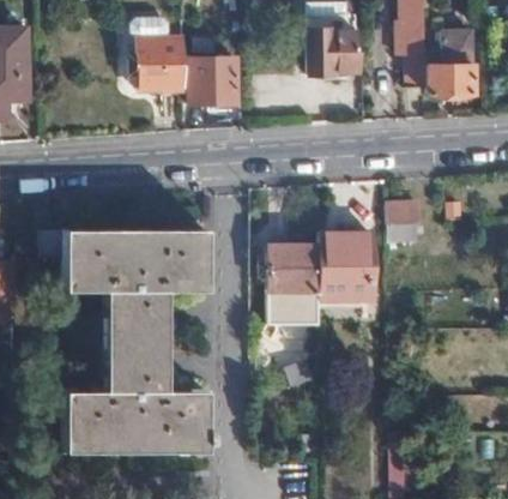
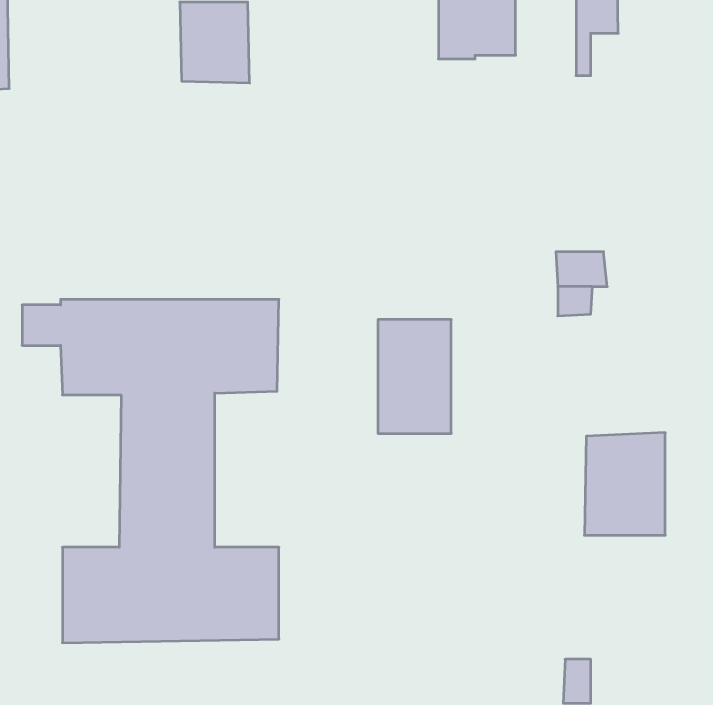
building: [410,52,477,97] -> none
building: [192,58,238,102] -> none
building: [321,230,374,297] -> [584,433,665,535]

